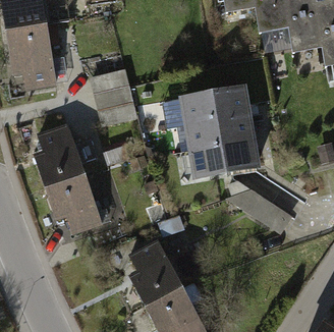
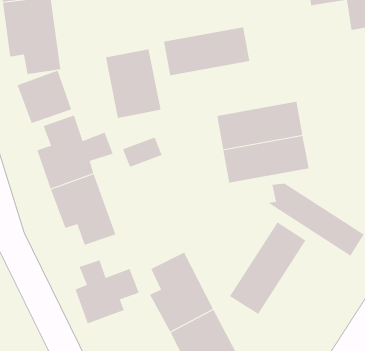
building: [177,85,249,125] -> [163,27,250,76]
building: none -> [17,70,72,124]
building: none -> [229,222,306,315]
building: none -> [75,259,139,324]

